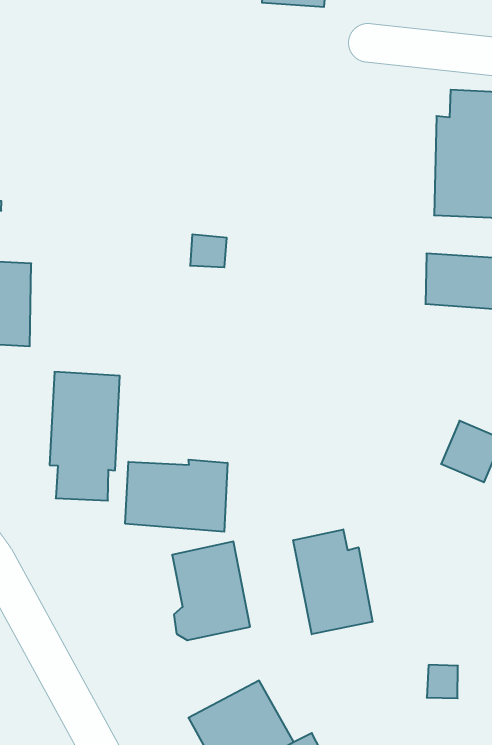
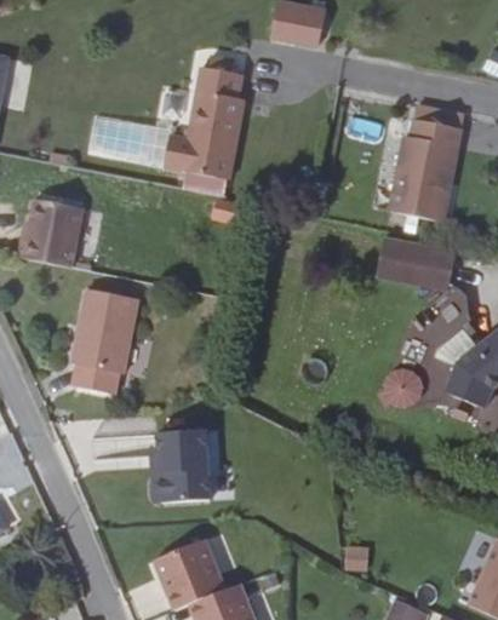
building: none -> [165,54,246,194]
building: [125,460,227,532] -> none
building: [293,529,373,634] -> none

